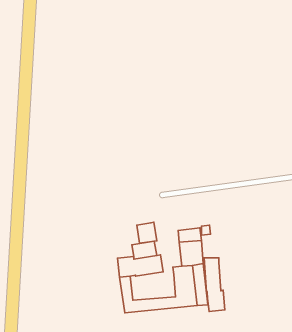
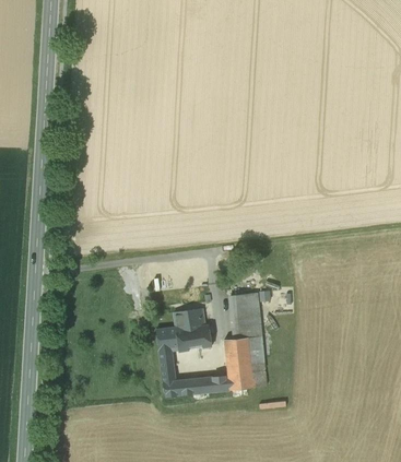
building: [137,222,157,243] -> none
building: [204,258,225,312] -> none

